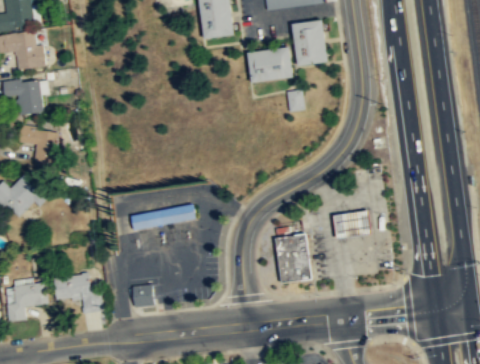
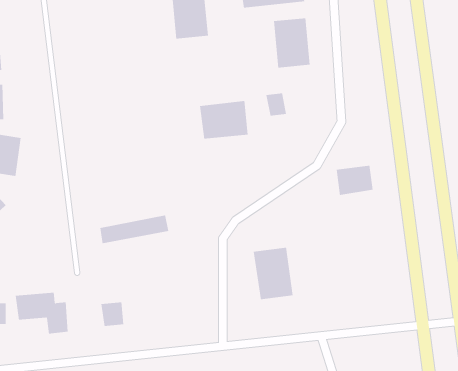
building: [247,46,293,82] -> [199,101,248,139]
building: [336,210,371,238] -> [336,165,373,195]

